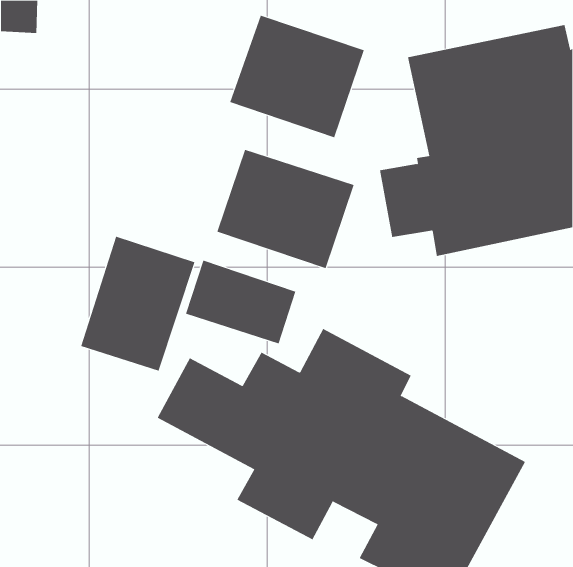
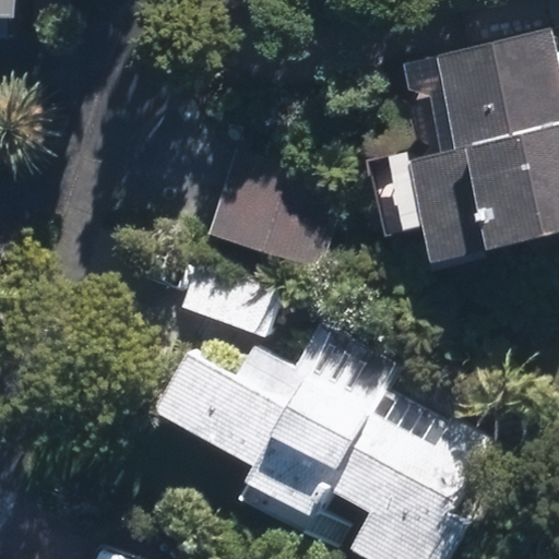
building: [229,15,364,138] -> none
building: [80,236,195,371] -> none

